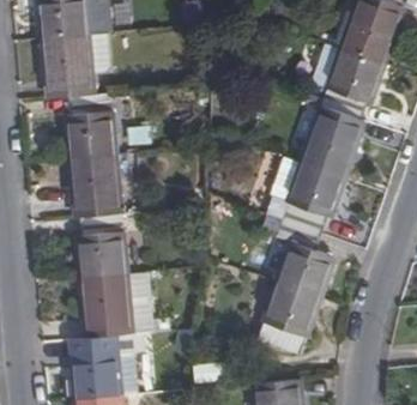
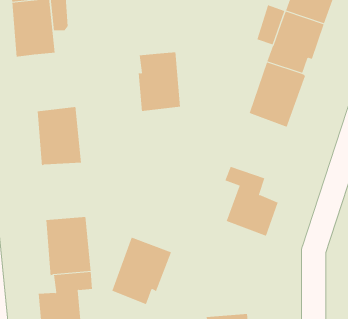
building: [67,93,114,158] -> [138,52,181,111]
building: [282,161,344,231] -> none
building: [77,214,125,277] -> none
building: [255,278,321,352] -> [111,237,172,305]

